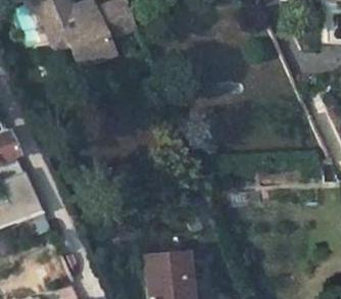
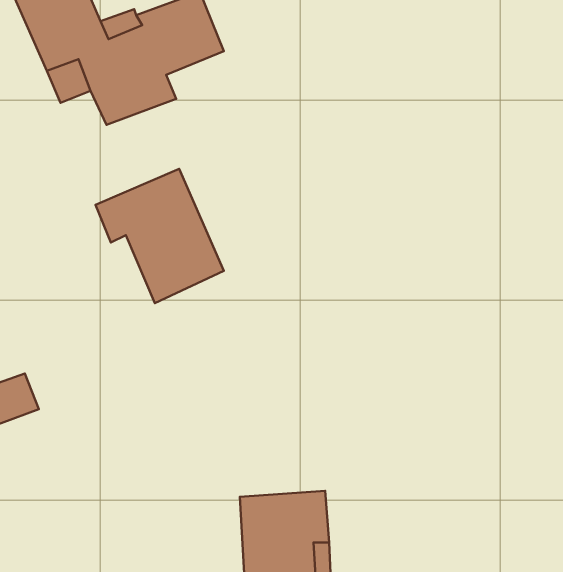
building: none -> [95,169,224,303]

